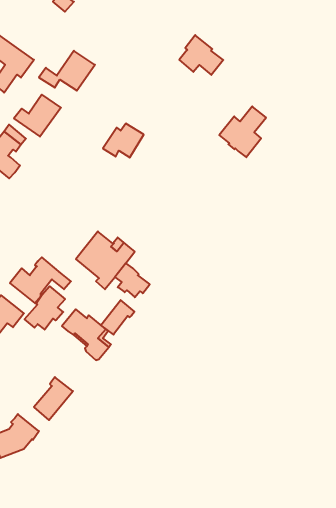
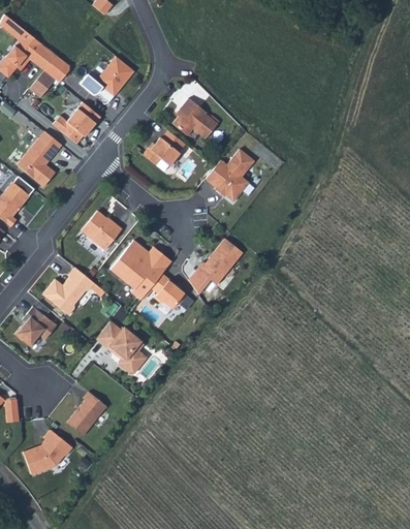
building: [179,35,223,75] -> [174,98,219,139]
building: [219,106,266,157] -> [207,150,255,203]
building: none -> [83,212,124,251]
building: none -> [198,239,244,285]
building: [25,286,65,330] -> none
building: [101,300,134,335] -> none

